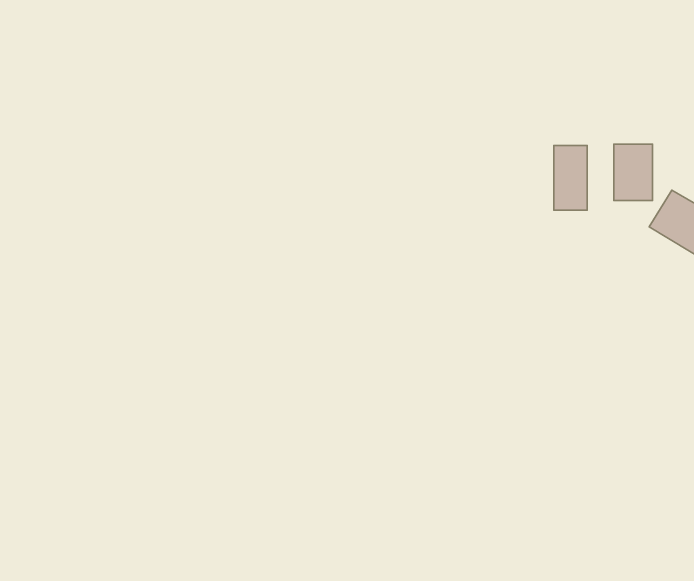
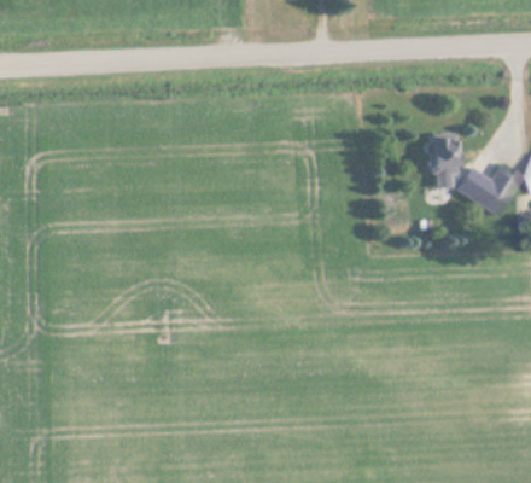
building: [554,146,587,210] -> none

